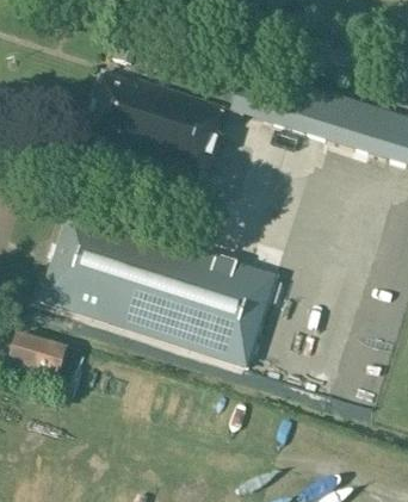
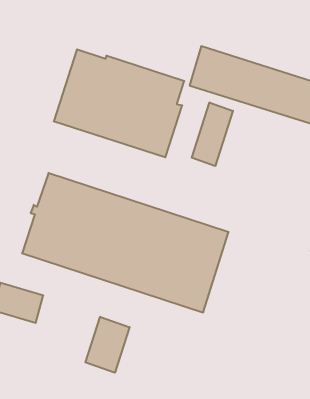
building: none -> [192,102,233,166]
building: none -> [85,317,130,373]

